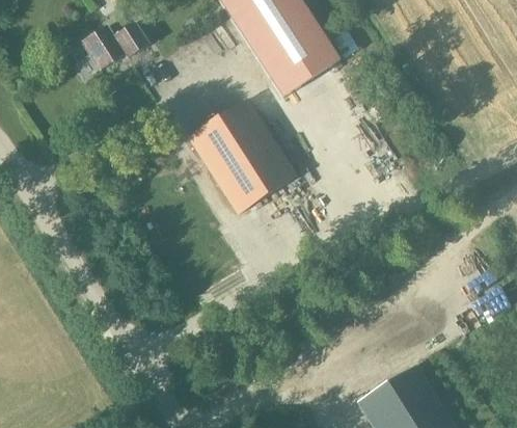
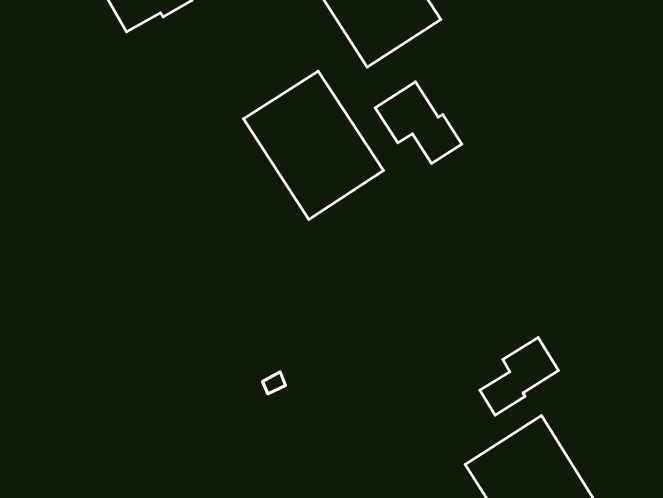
building: none -> [375,82,462,164]
building: none -> [480,337,558,415]

